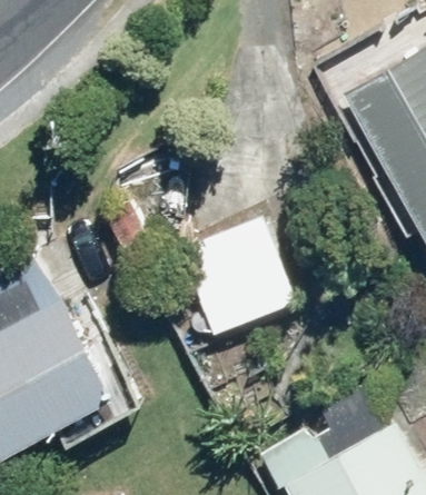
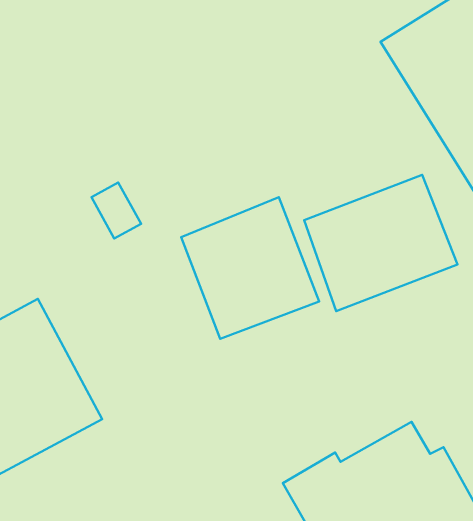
building: none -> [304,175,458,311]

